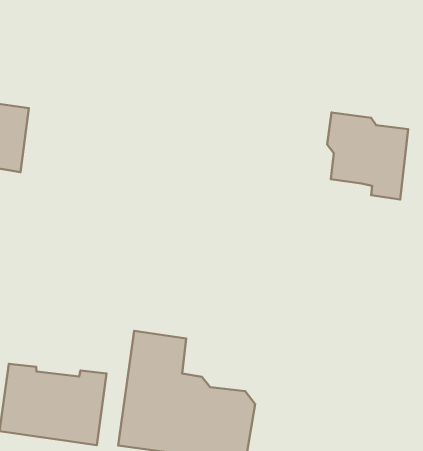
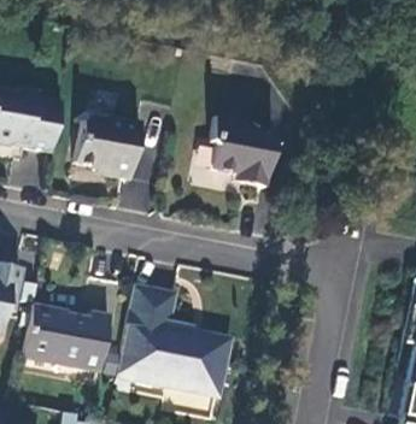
building: [327,113,408,199] -> [211,116,276,188]
building: none -> [76,117,141,179]

